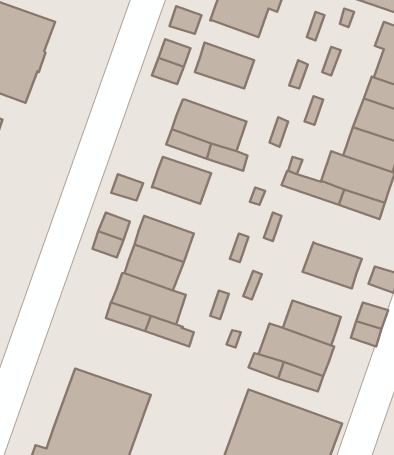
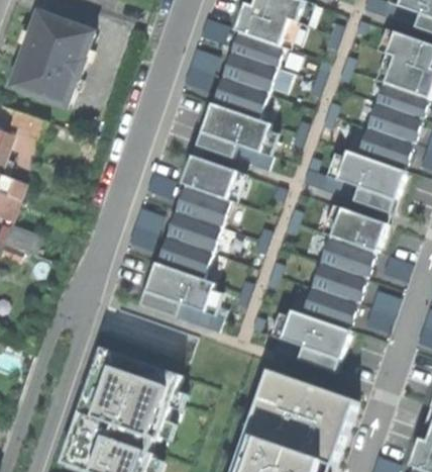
building: none -> [230,30,283,67]
building: none -> [212,78,266,119]
building: none -> [175,184,229,226]
building: none -> [332,208,387,251]
building: none -> [311,262,365,303]

